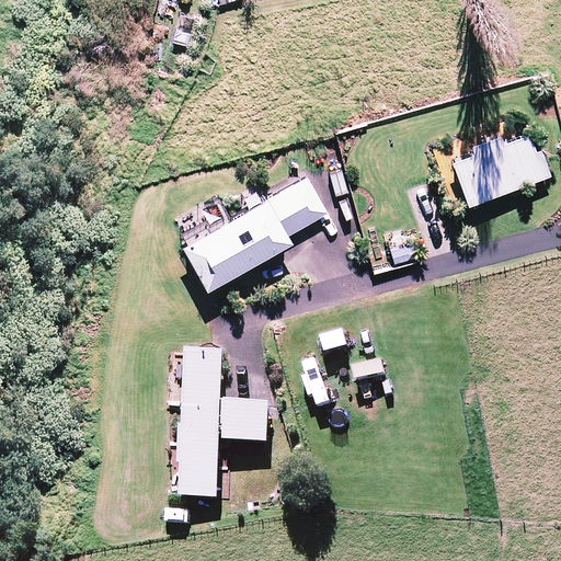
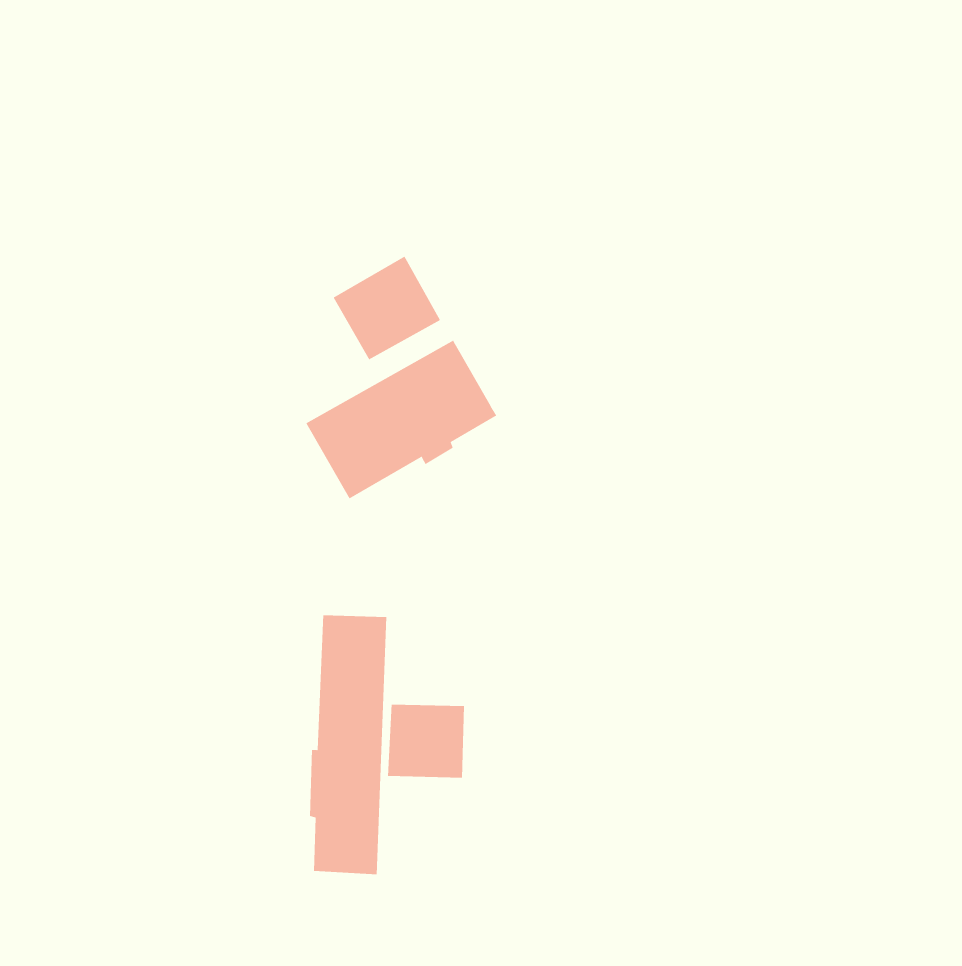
building: [448,131,548,206] -> none
building: [263,176,325,237] -> [333,256,441,360]

